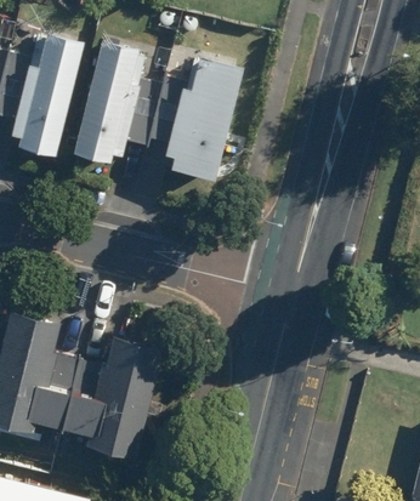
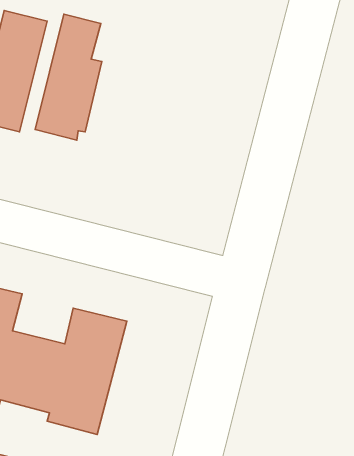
building: [164,53,245,178] -> none

